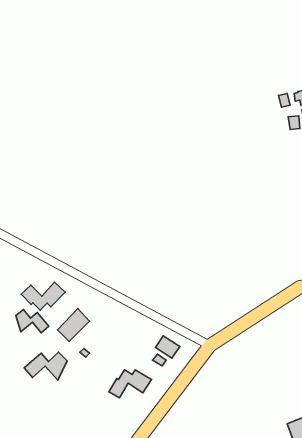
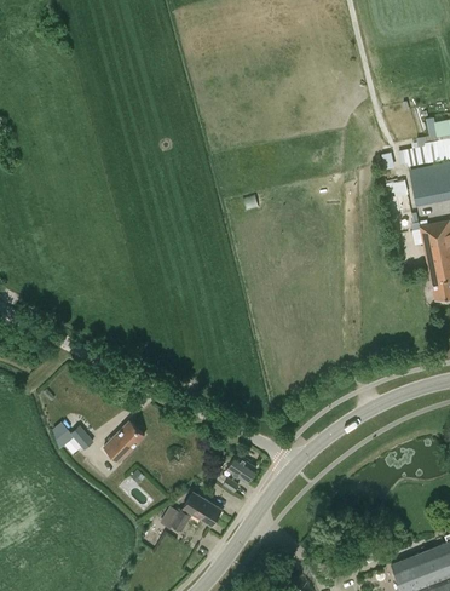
building: [21,282,65,310] -> none
building: [24,352,67,380] -> none

